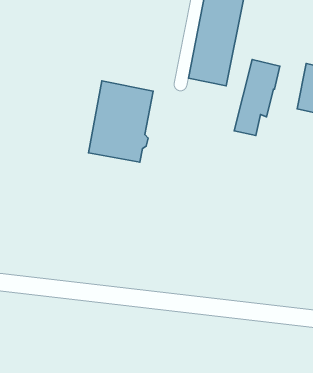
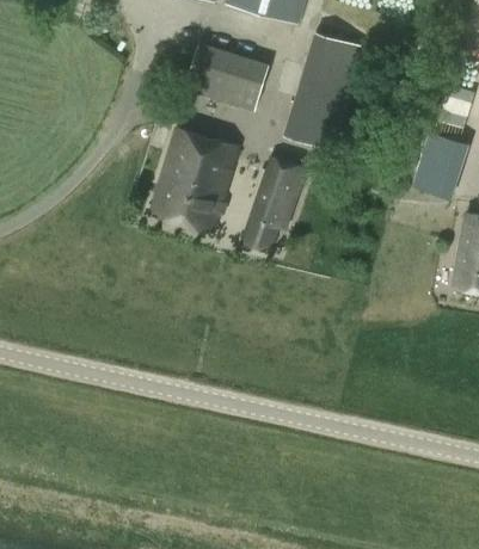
building: none -> [184,43,268,111]
building: [234,59,280,135] -> [242,156,307,251]

